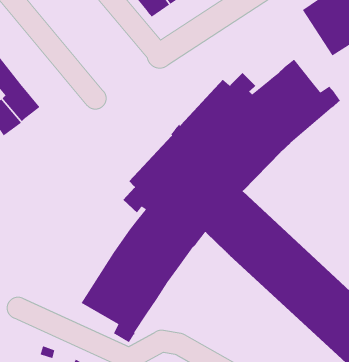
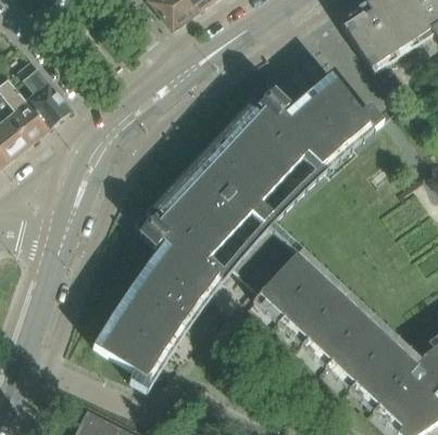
building: none -> [17,60,71,128]

